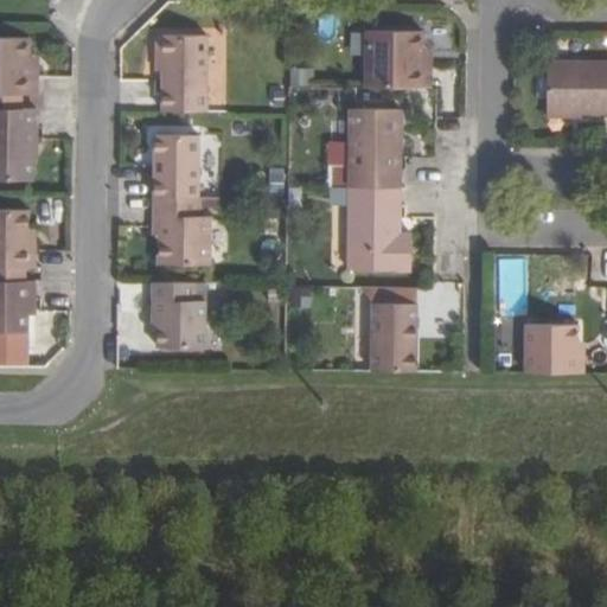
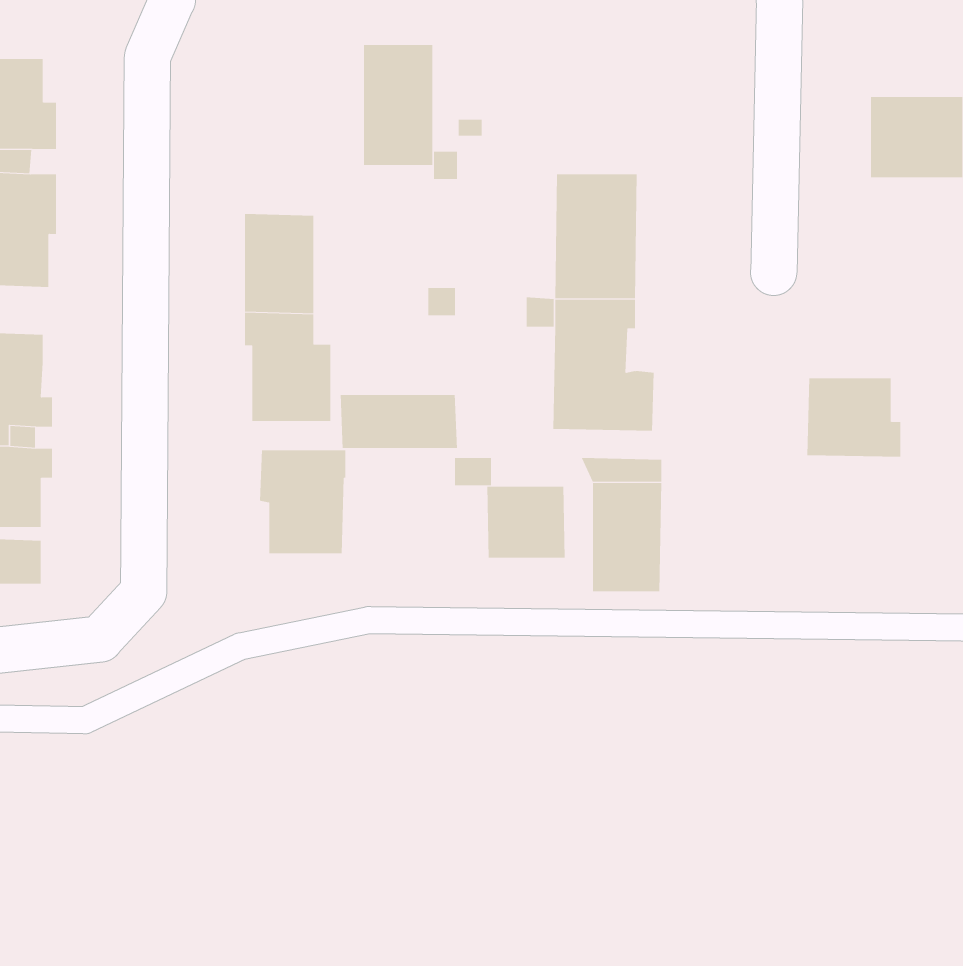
building: [364,31,429,88] -> none
building: [161,36,205,111] -> [363,45,433,166]
building: none -> [340,394,457,449]
building: none -> [487,486,565,559]
building: [523,324,582,373] -> [806,378,901,457]

